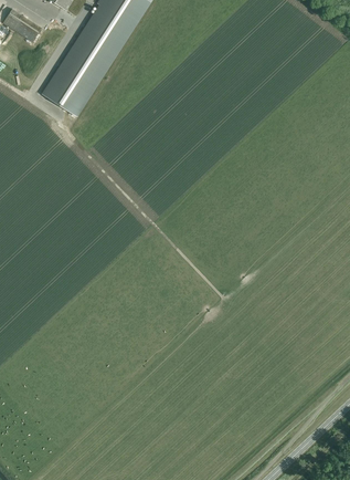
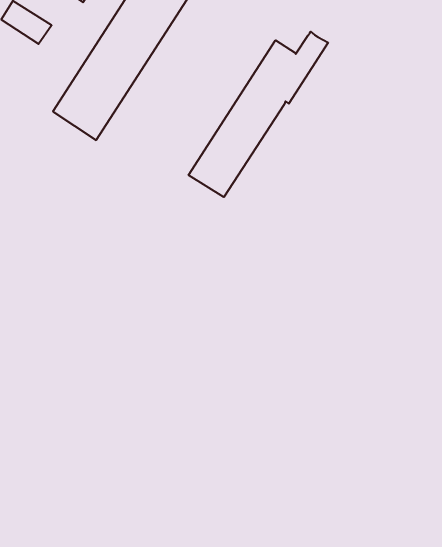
building: none -> [189,32,328,197]

